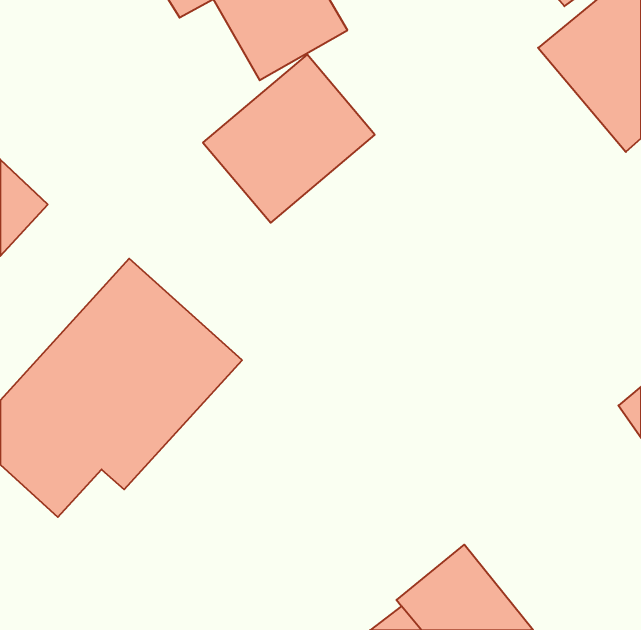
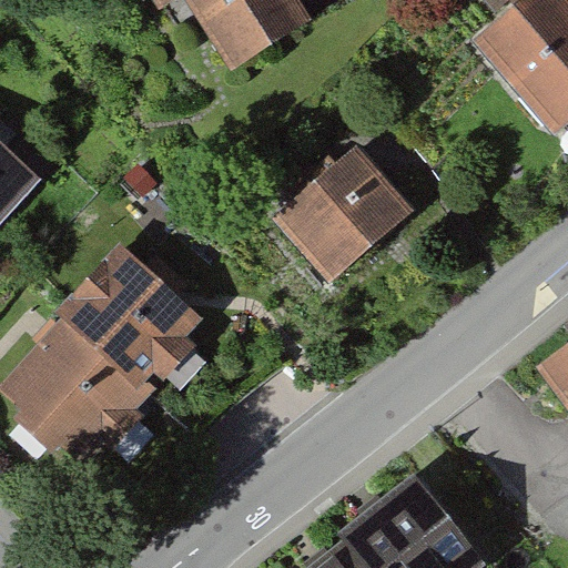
building: [203,55,375,223] -> [267,143,419,292]

